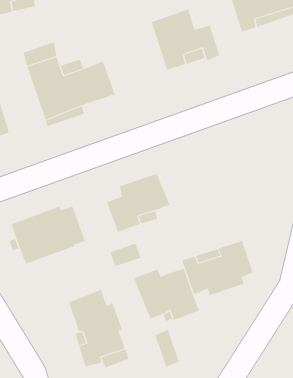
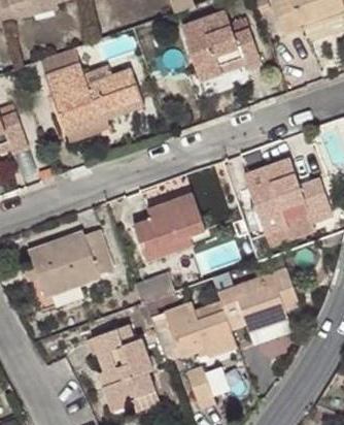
building: none -> [240,157,330,248]

